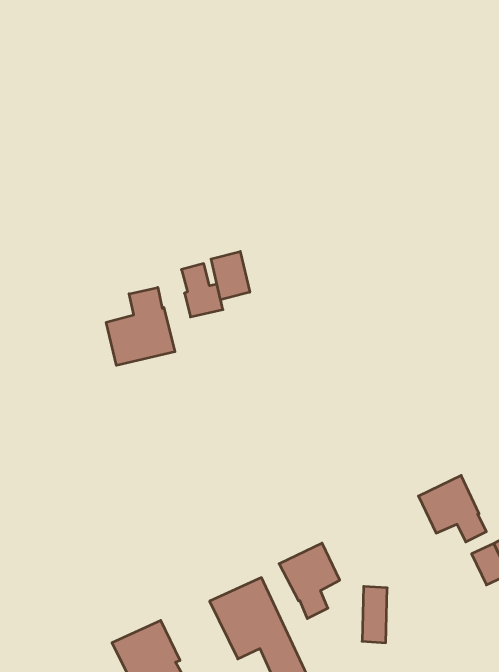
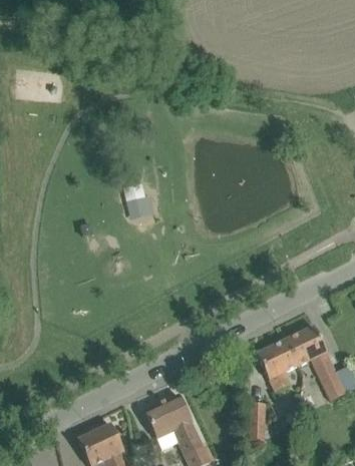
building: [211,251,250,300] -> none
building: [106,287,175,365] -> none
building: [279,543,340,619] -> [256,341,297,392]

